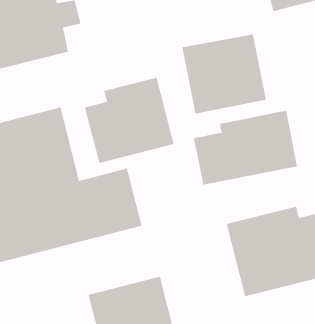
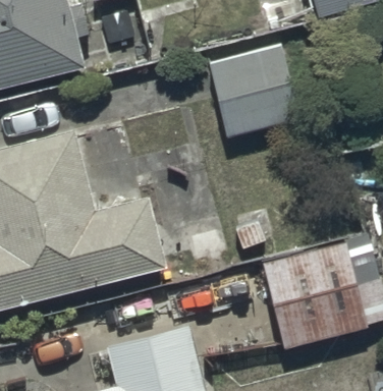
building: [84,77,174,164] -> none
building: [193,110,298,186] -> none

